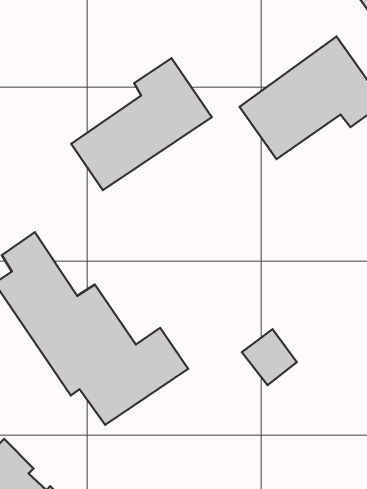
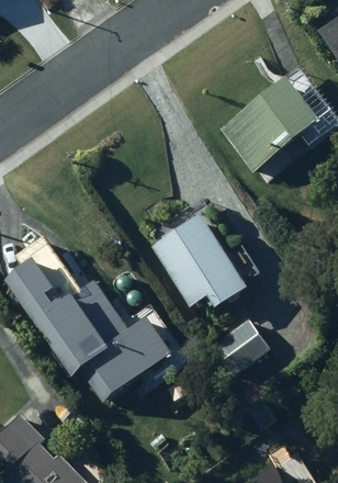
building: [71,58,212,190] -> none
building: none -> [146,203,258,312]

